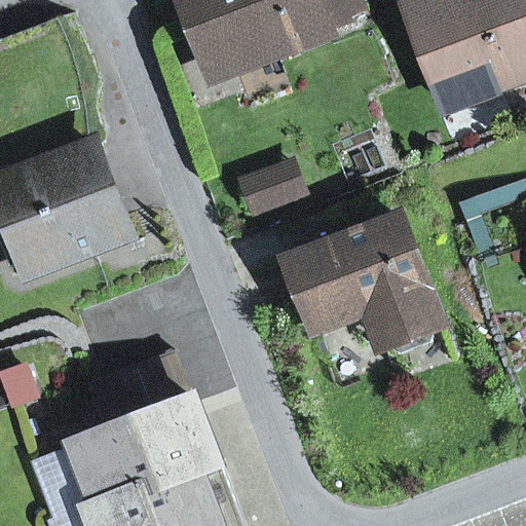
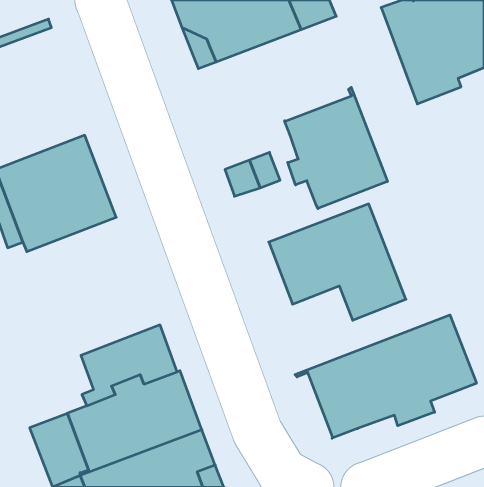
building: none -> [285,87,387,209]
building: none -> [295,315,476,438]

